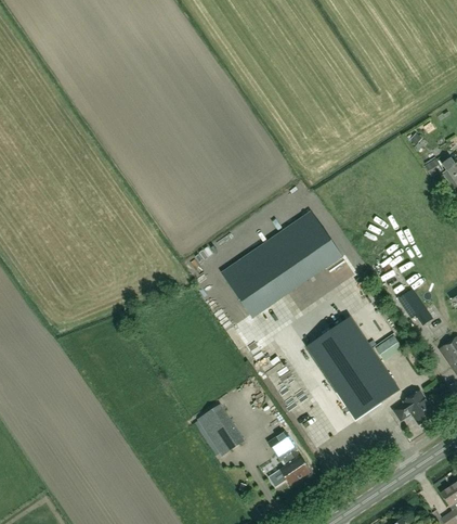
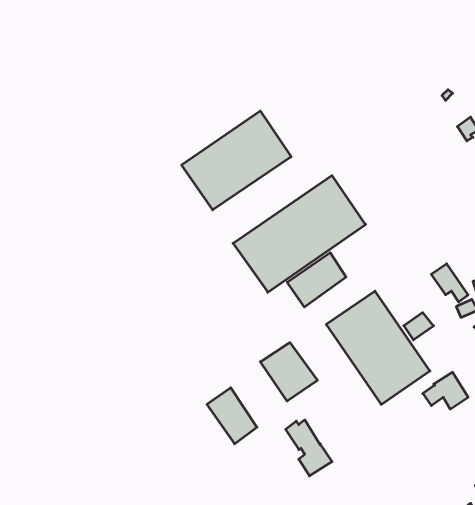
building: none -> [182,111,291,210]
building: none -> [287,253,346,307]
building: none -> [260,343,317,401]

